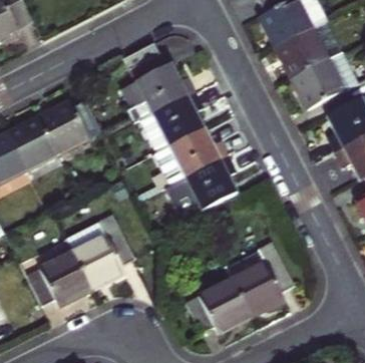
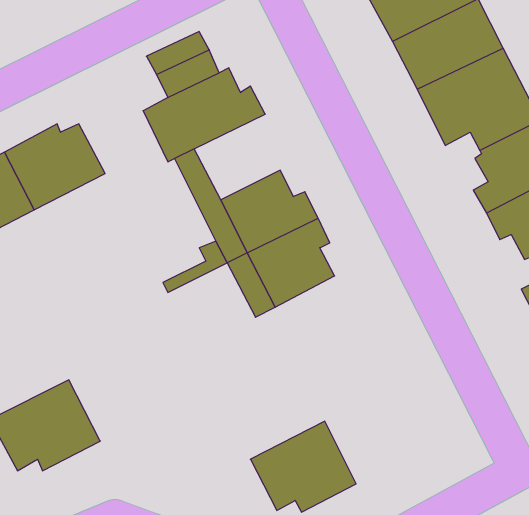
building: [152,91,205,143] -> none
building: [69,216,137,290] -> none
building: [232,244,293,316] -> none

